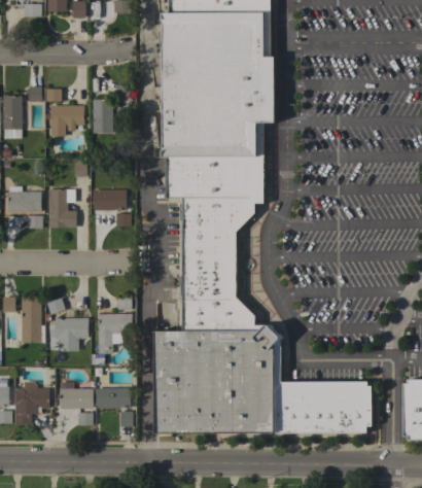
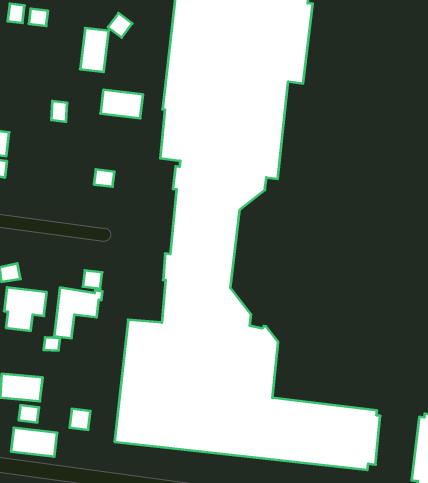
building: [50,105,83,136] -> none
building: [47,188,76,228] -> none
building: [93,189,126,209] -> [100,90,143,118]
building: [96,388,132,408] -> [11,428,57,457]

